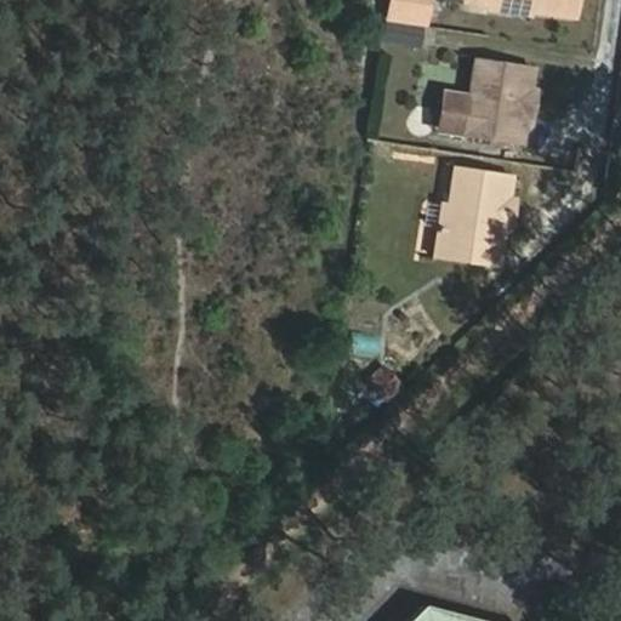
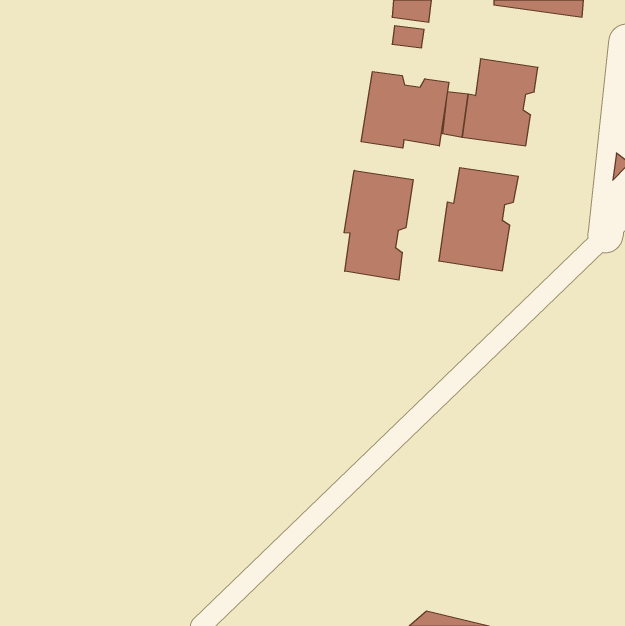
building: none -> [361,72,449,148]
building: none -> [344,170,413,280]

